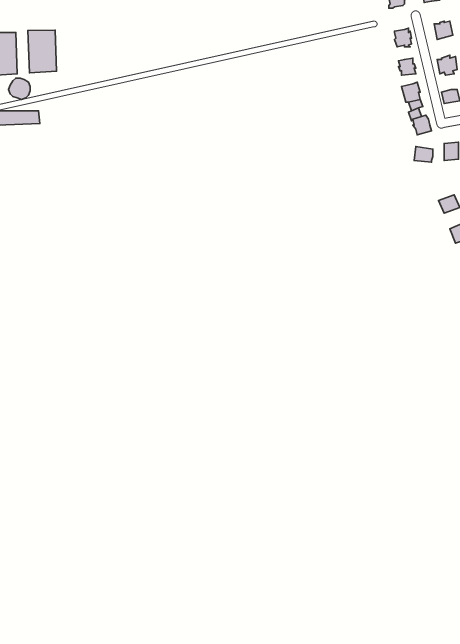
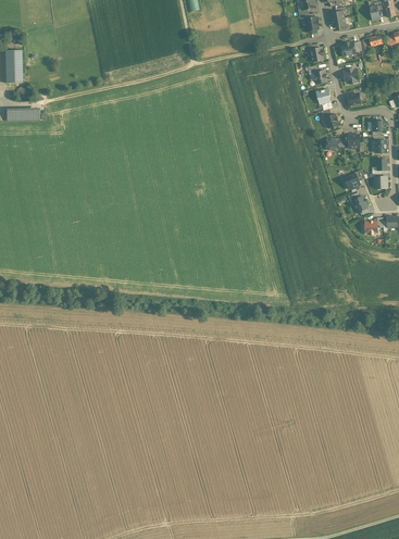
building: [28,30,56,73] -> none

